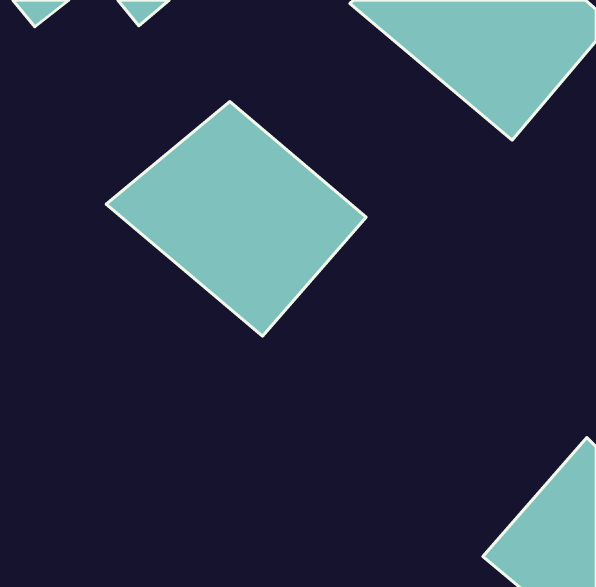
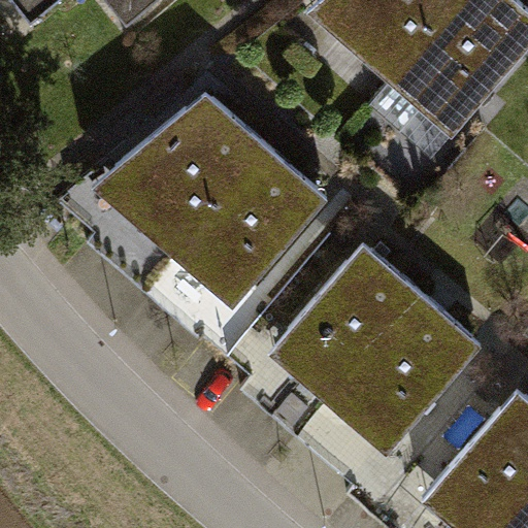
building: none -> [272,250,476,453]

